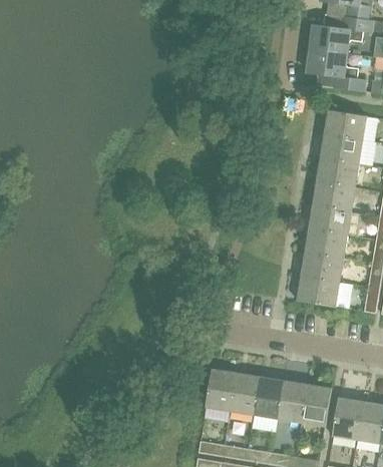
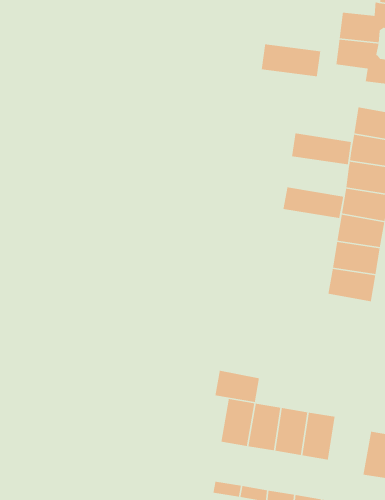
building: none -> [261,43,321,77]
building: none -> [291,133,352,165]
building: none -> [283,187,344,219]
building: [297,276,340,307] -> none
building: none -> [214,370,260,403]
building: [302,384,332,427] -> none

